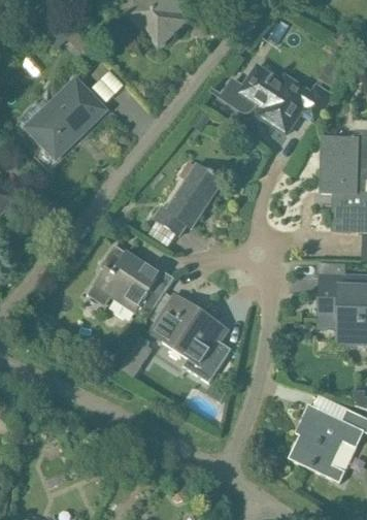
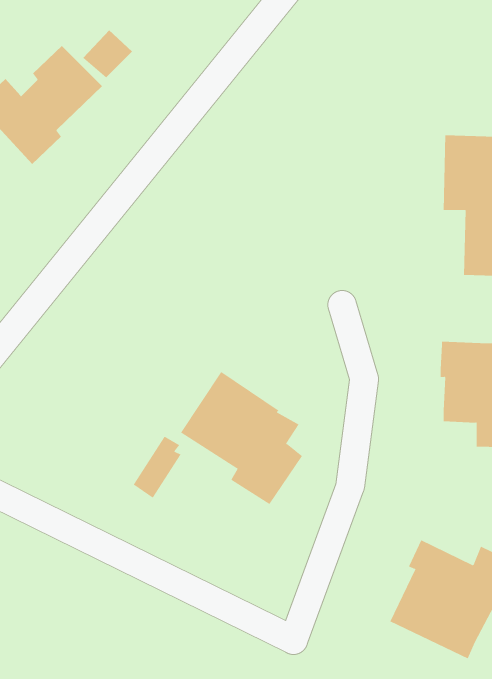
building: [219,65,332,133] -> none
building: [153,164,222,235] -> none
building: [87,245,173,318] -> none

